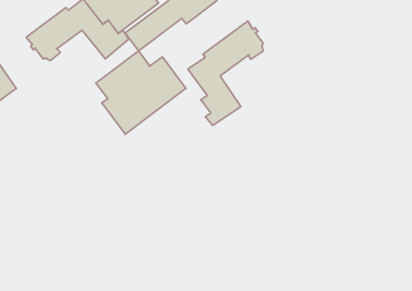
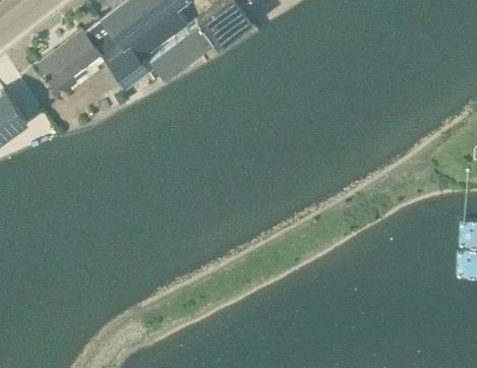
building: [188,21,263,125] -> none
building: [96,51,186,134] -> none

